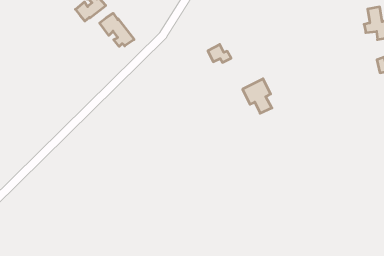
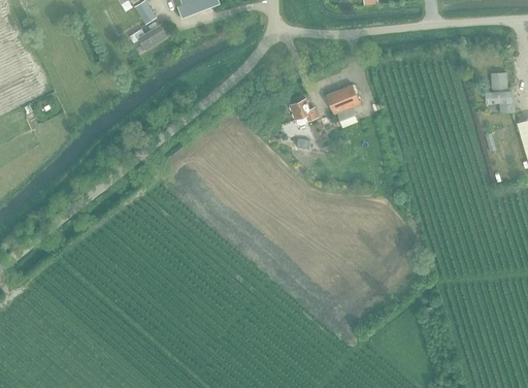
building: [100,13,134,46] -> none
building: [243,79,272,113] -> [325,85,359,127]

